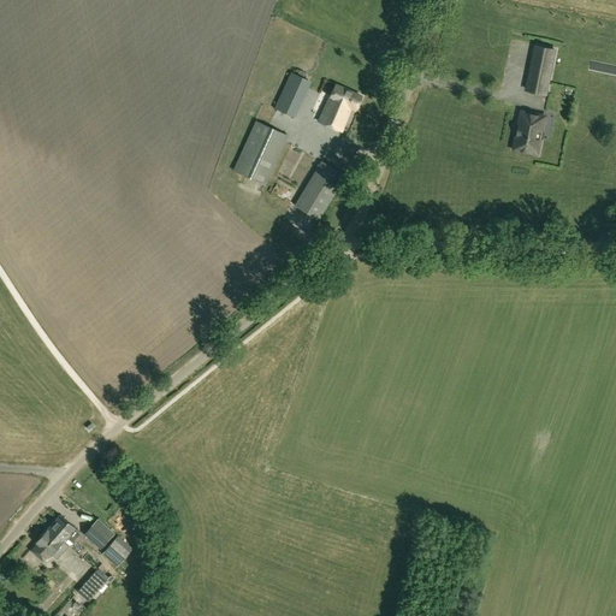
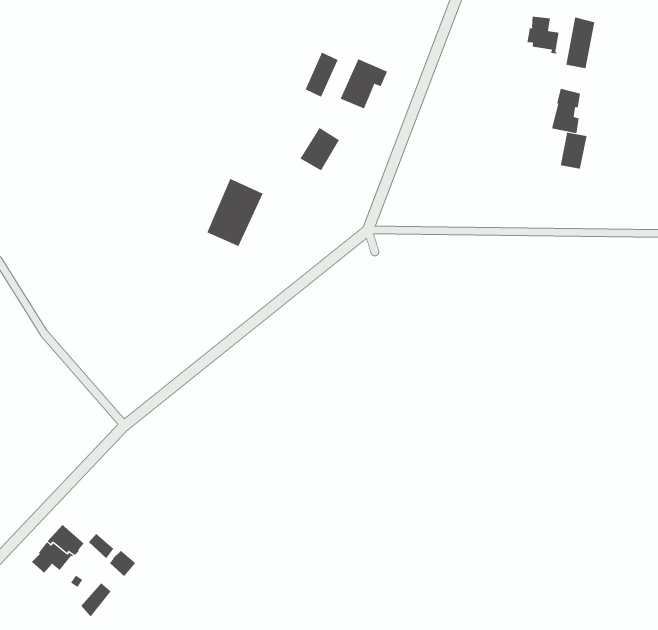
building: none -> [527,16,559,54]
building: [233,120,286,184] -> [206,178,264,247]
building: none -> [560,132,587,170]
building: [294,167,343,219] -> none

